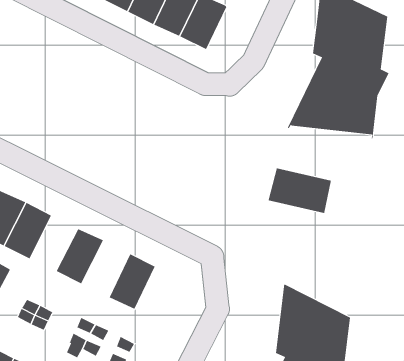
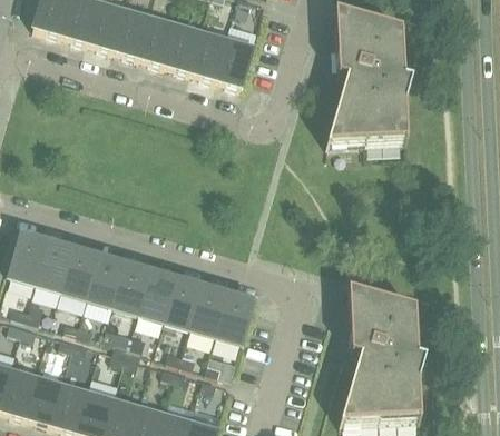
building: [268,168,332,214] -> none
building: none -> [114,262,153,313]
building: none -> [165,277,204,328]
building: none -> [217,293,256,343]

